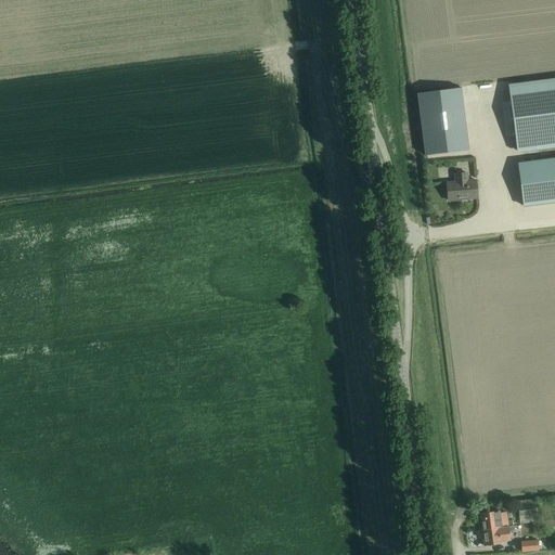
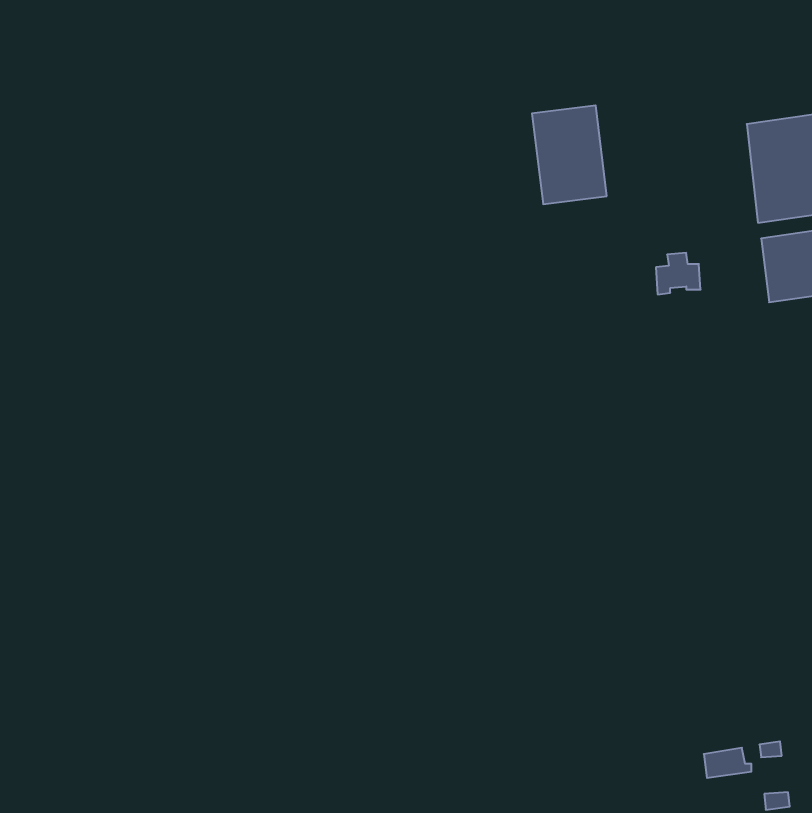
building: [418,88,469,155] -> [532,105,607,204]
building: [482,526,514,545] -> none

